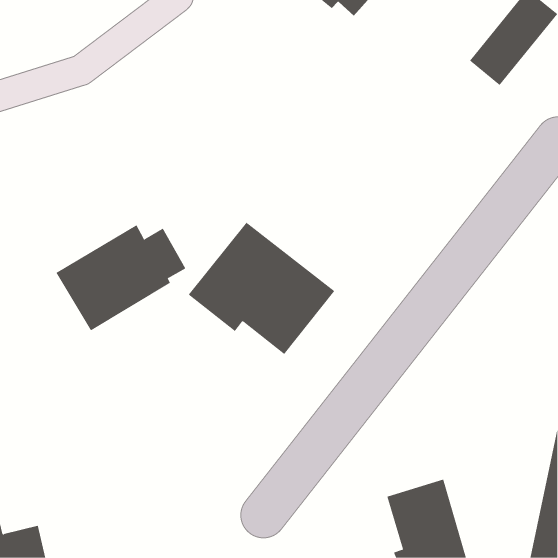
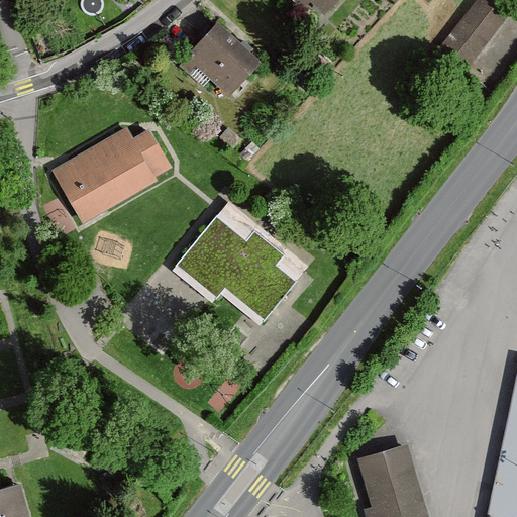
building: none -> [178,23,261,97]
building: [55,225,186,331] -> [50,126,171,224]

